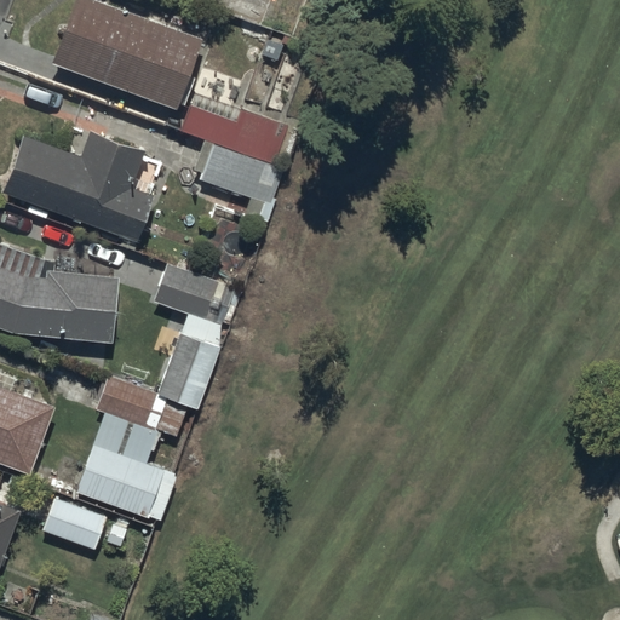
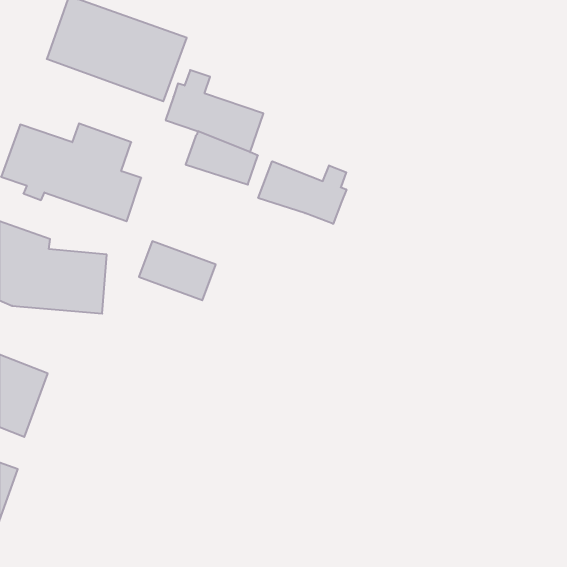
building: none -> [258,161,346,224]
building: [78,333,219,521] -> none
building: [41,498,127,550] -> none

